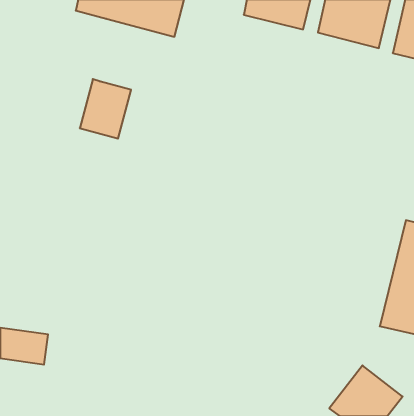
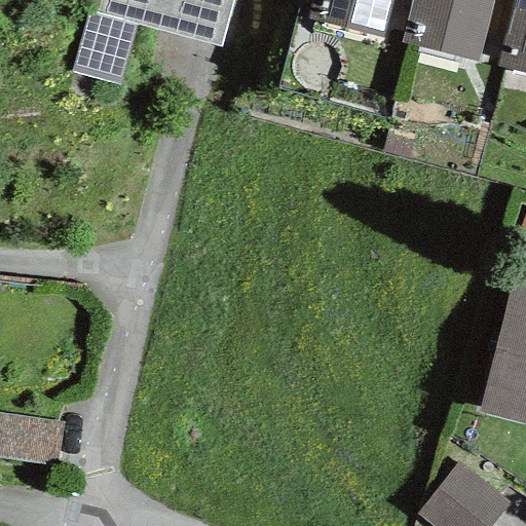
building: [80,79,131,139] -> [73,10,138,85]

